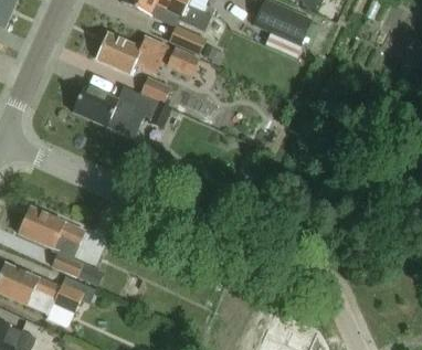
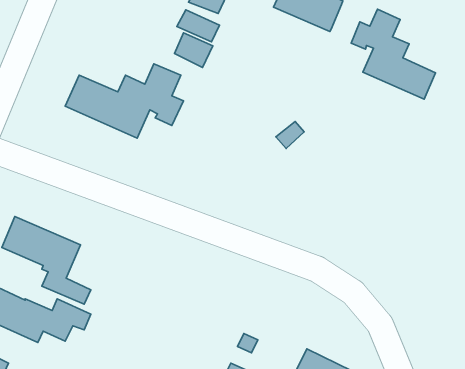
building: none -> [351,9,435,99]
building: [95,32,166,72] -> none

